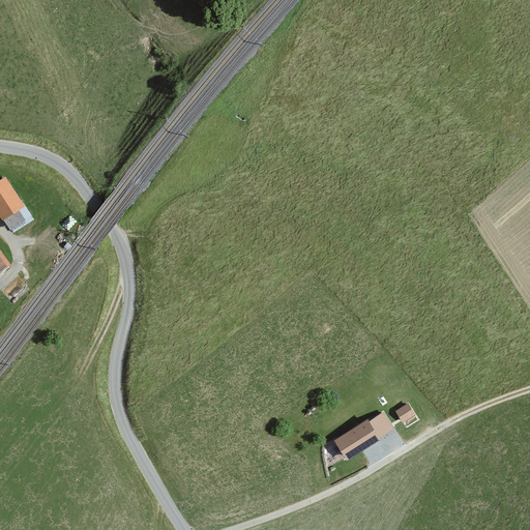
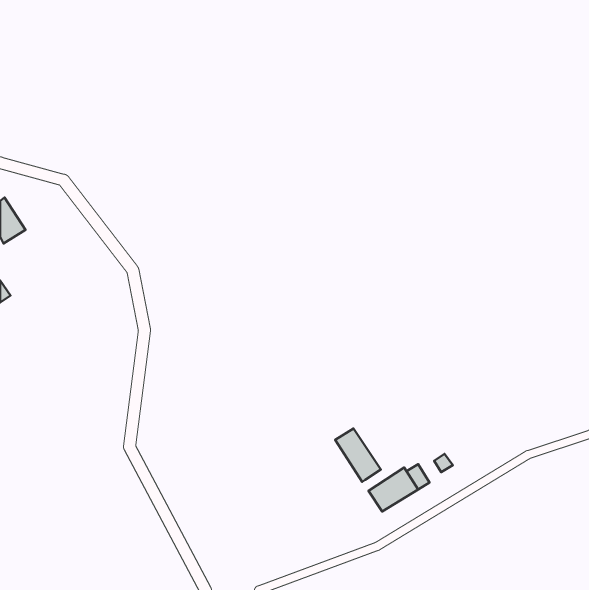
building: none -> [335,429,381,482]

